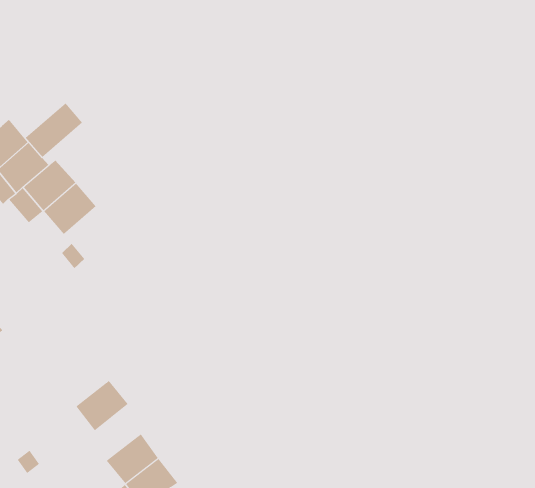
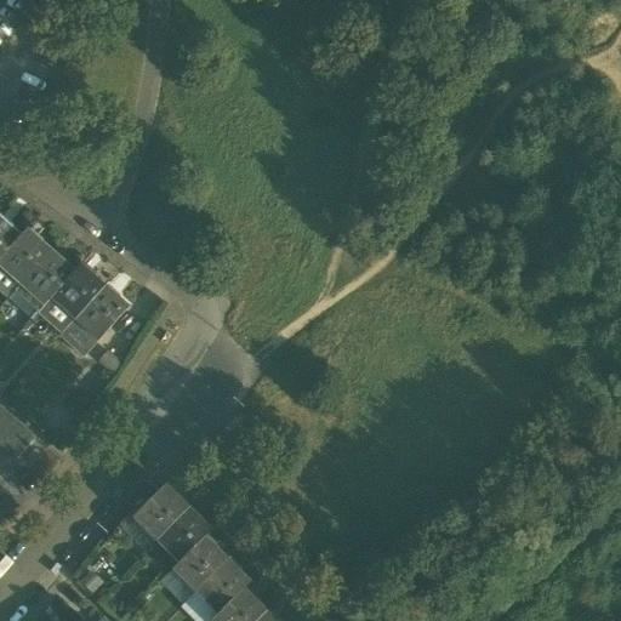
building: [25,103,83,158] -> none
building: none -> [58,318,98,355]
building: none -> [156,506,211,560]

